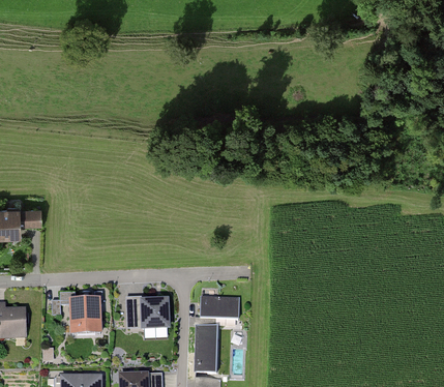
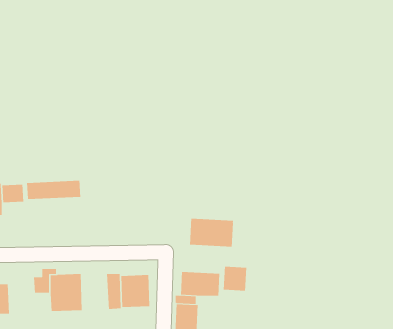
building: none -> [27,180,81,200]
building: none -> [189,218,234,247]
building: none -> [223,266,247,292]

